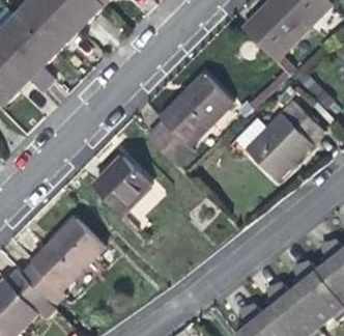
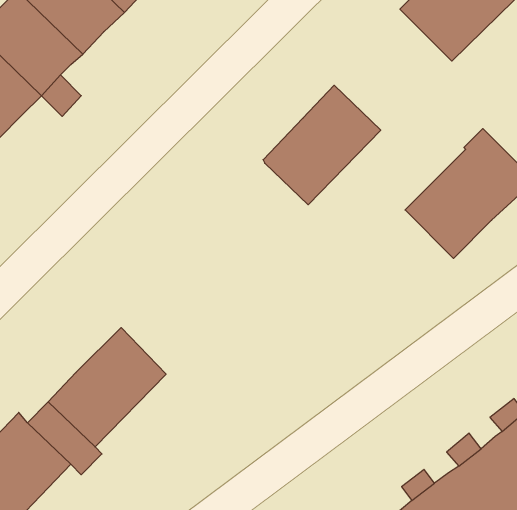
building: [145,120,192,166] -> none
building: [93,157,151,214] -> none

